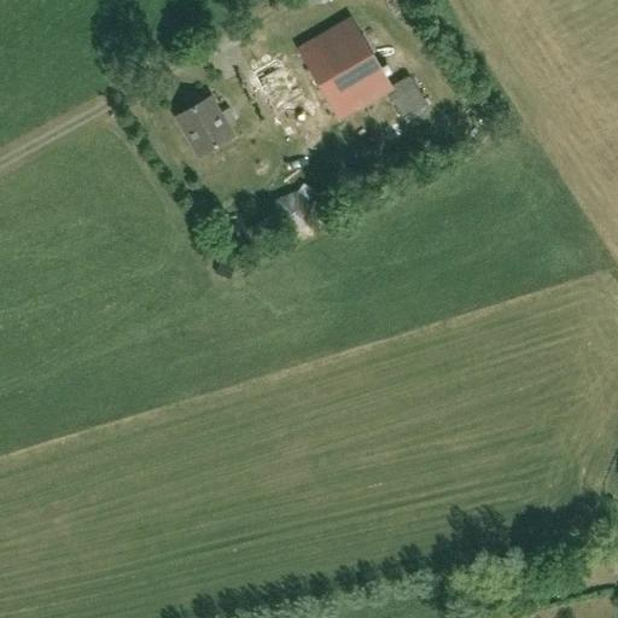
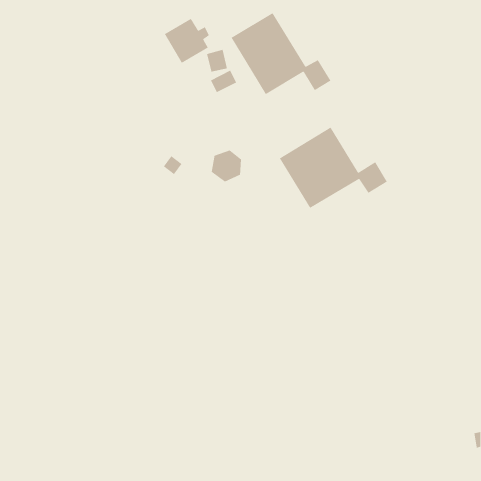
building: [175,98,234,157] -> [164,18,210,64]
building: none -> [279,126,388,209]

